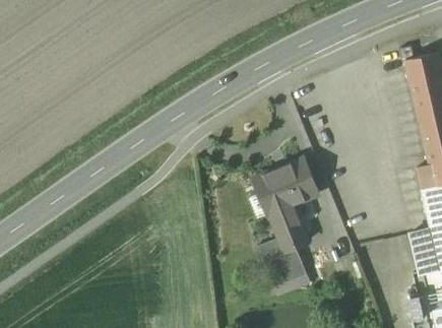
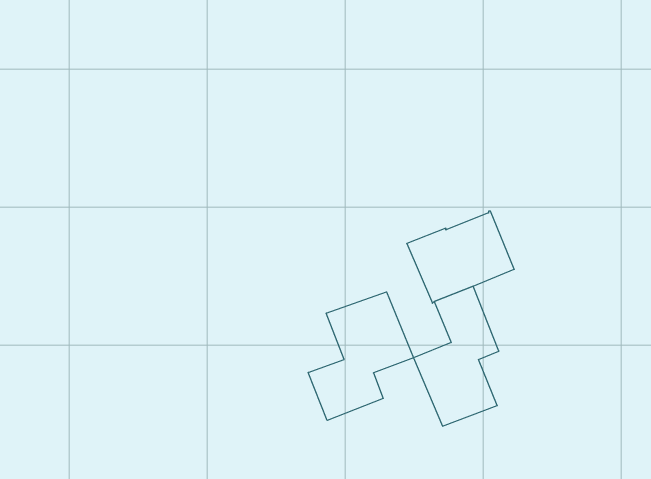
building: none -> [308,292,414,420]

